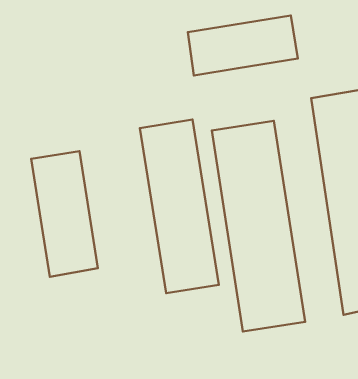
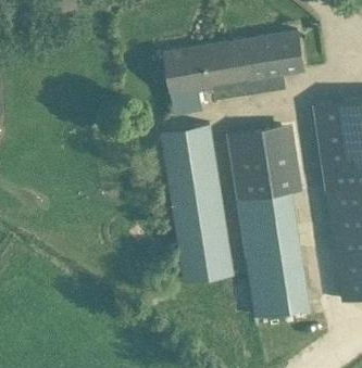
building: none -> [163,47,210,117]
building: [31,151,98,277] -> none

